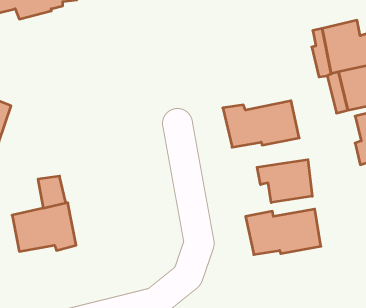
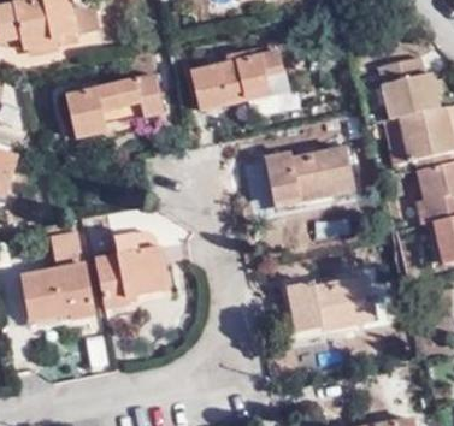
building: none -> [189,54,281,117]
building: none -> [67,75,160,137]
building: [257,160,312,203] -> none
building: none -> [95,247,166,309]

